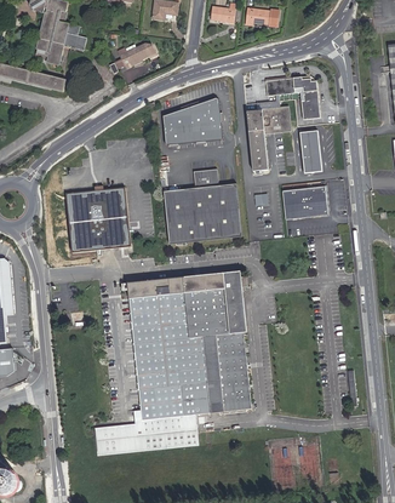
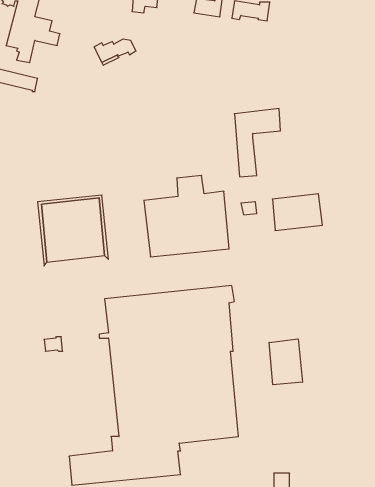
building: [265,76,320,120] -> none
building: [161,97,222,144] -> none
building: [299,130,322,173] -> none
building: none -> [269,339,302,385]

